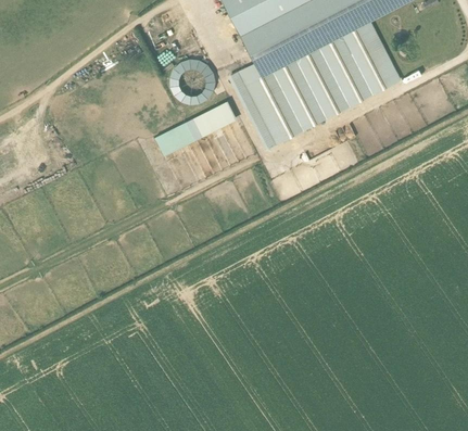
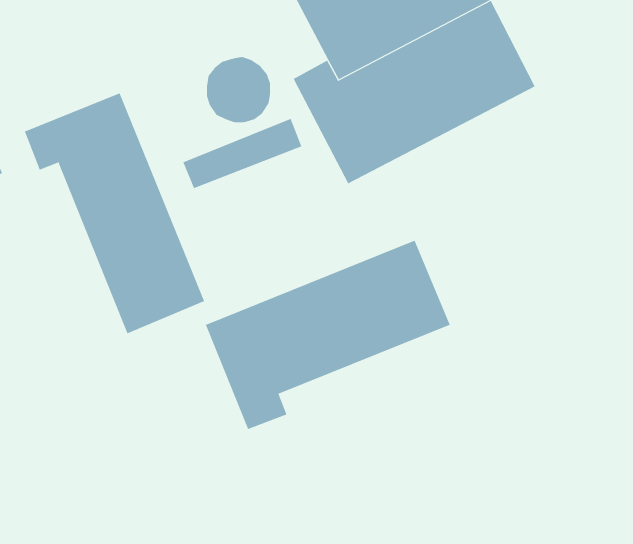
building: none -> [24,92,205,334]
building: none -> [205,240,450,430]

